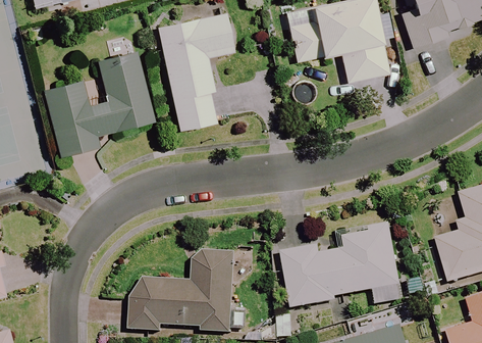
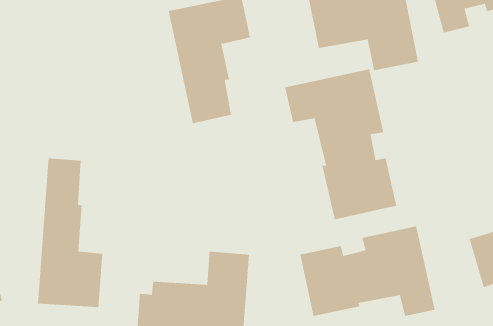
building: [44,51,154,155] -> none
building: none -> [285,68,397,220]
building: none -> [38,157,103,308]

